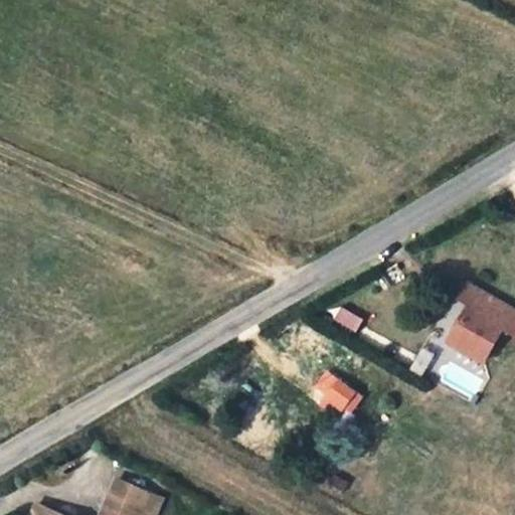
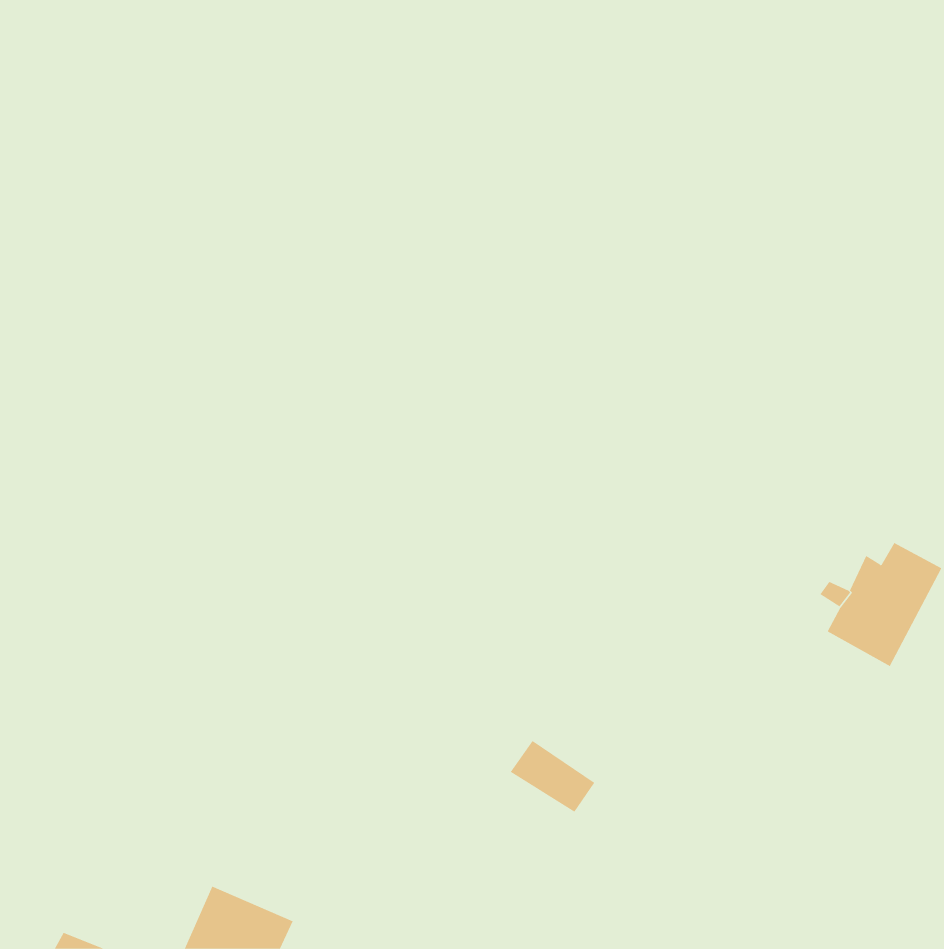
building: [315,372,361,411] -> [510,740,595,813]

